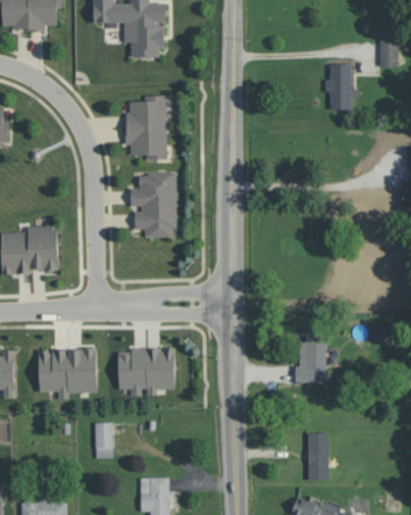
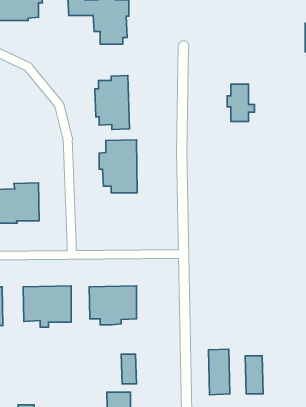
building: [325,64,358,109] -> [227,84,254,121]
building: [297,333,326,382] -> none
building: [95,422,113,458] -> [121,354,136,384]
building: none -> [208,349,230,395]

